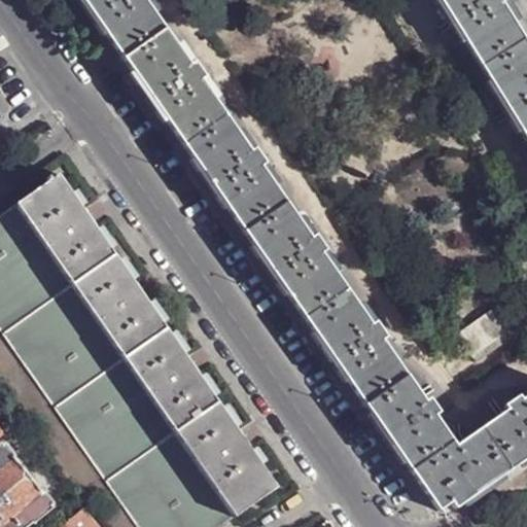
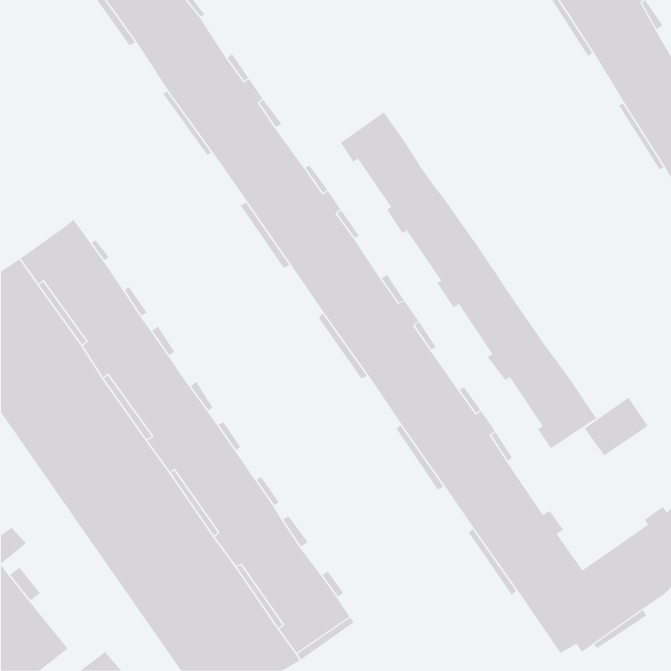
building: none -> [340,111,597,449]

